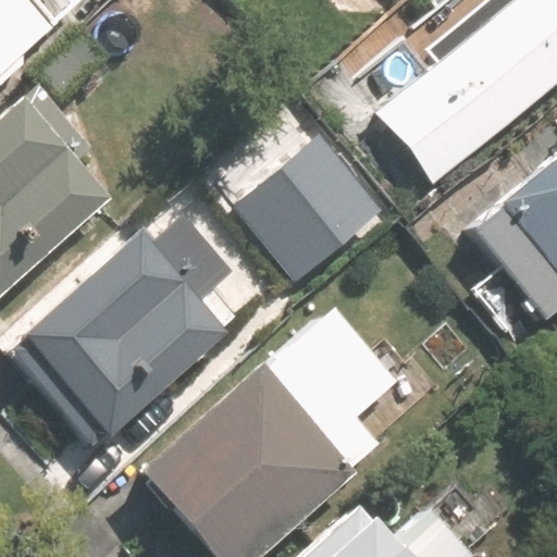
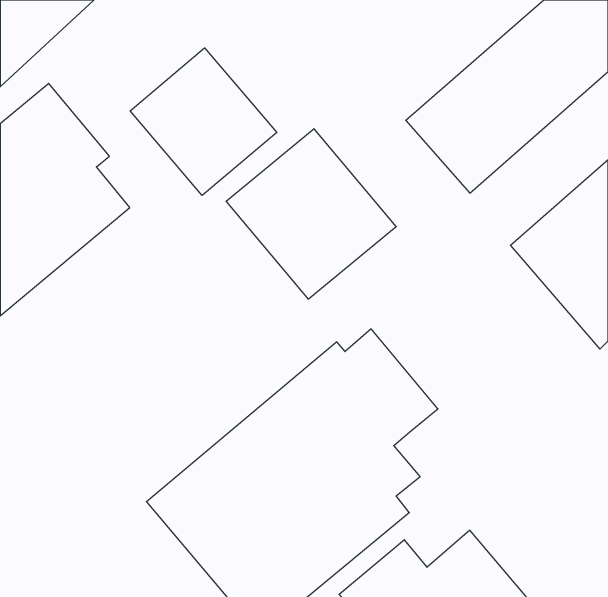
building: none -> [130,48,277,195]
building: [22,218,237,432] -> none

